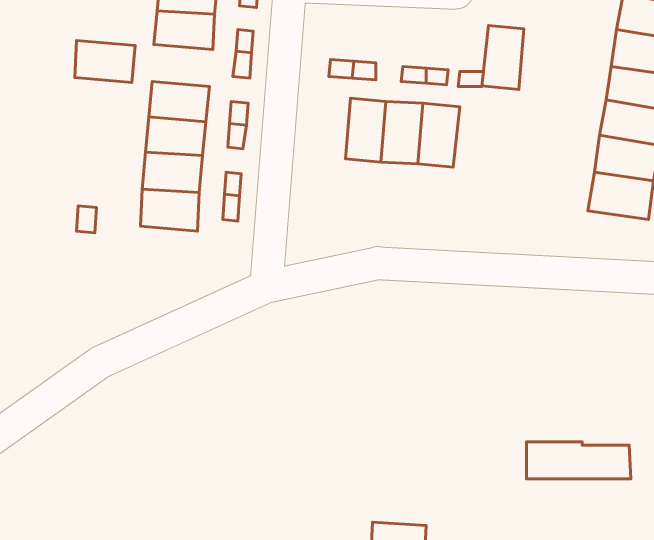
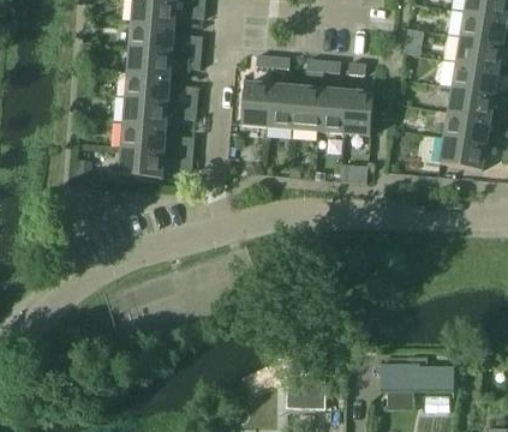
building: [482,25,524,89] -> [343,88,373,133]
building: [75,41,135,83] -> [129,43,172,73]
building: none -> [241,79,270,125]
building: [527,442,631,479] -> [378,362,453,389]

